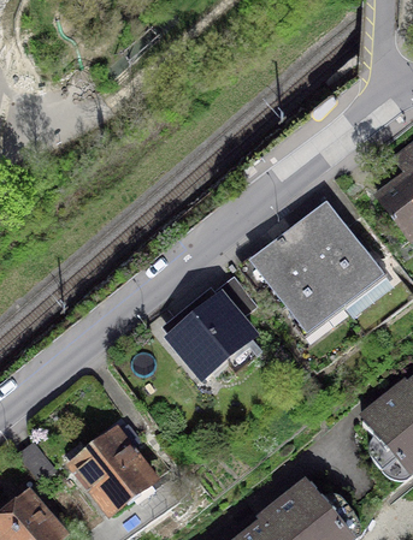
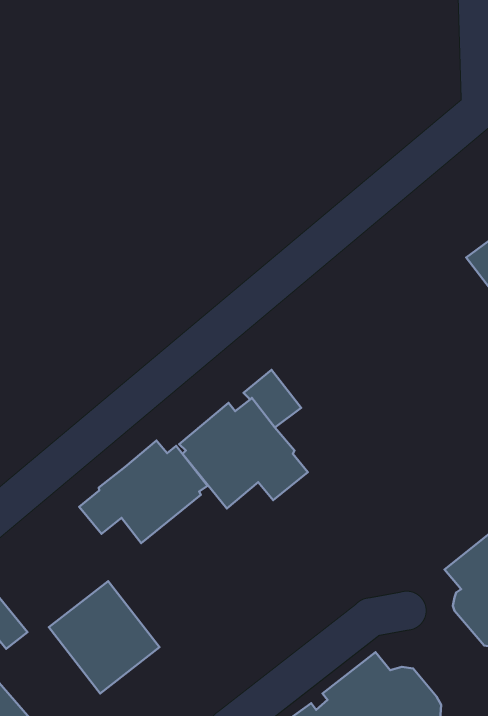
building: [253,207,374,327] -> none
building: none -> [79,440,207,543]

